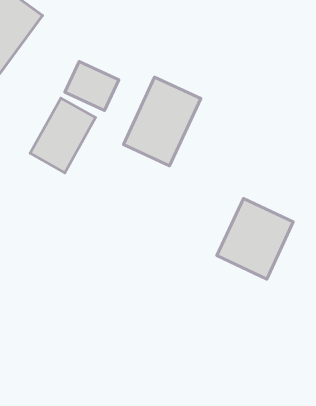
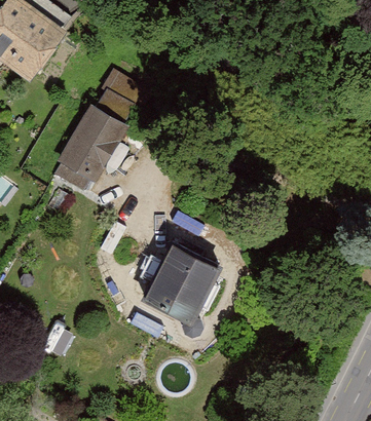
building: [123,77,201,166] -> none
building: [217,198,293,279] -> [148,239,225,320]

